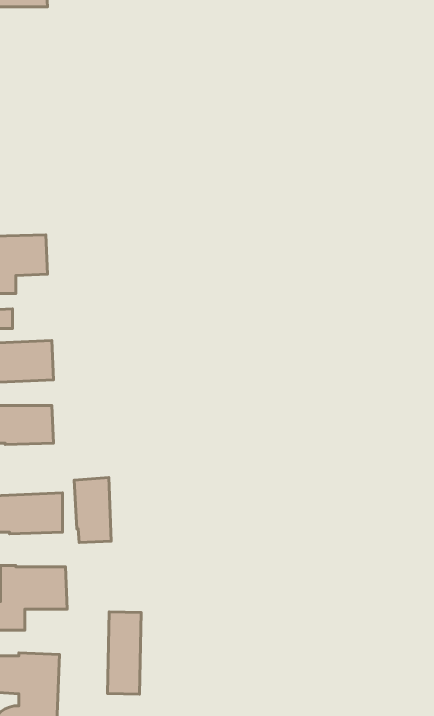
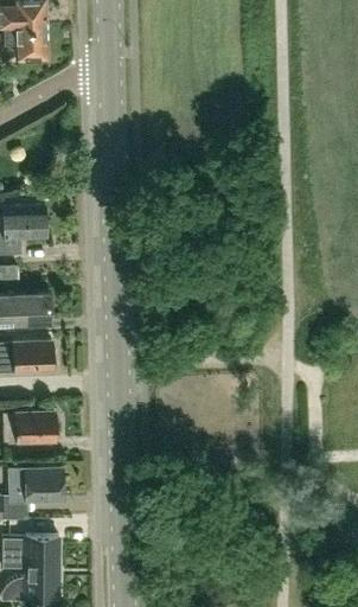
building: none -> [14,30,46,60]
building: [74,477,111,543] -> none
building: [107,612,141,694] -> none

